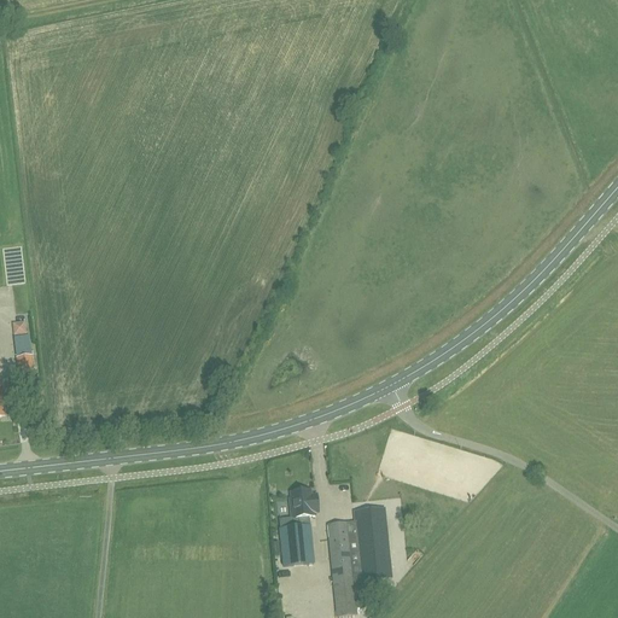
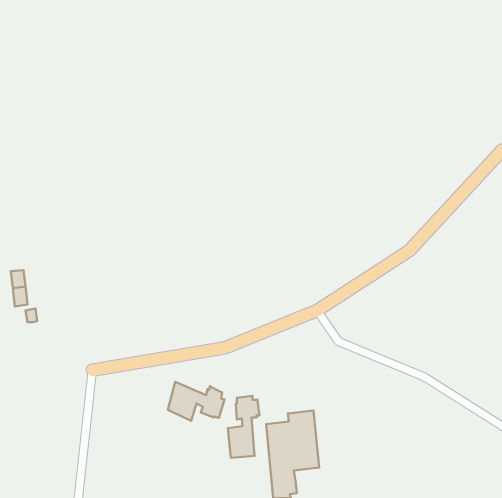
building: none -> [168,382,224,421]

